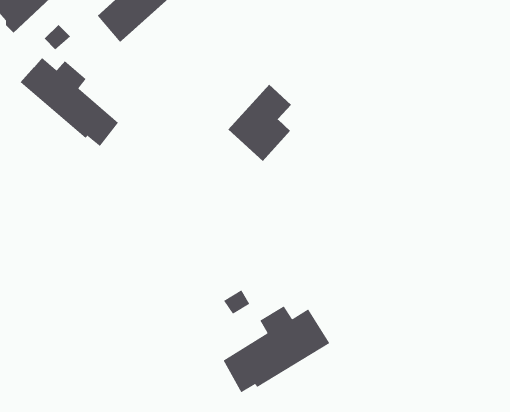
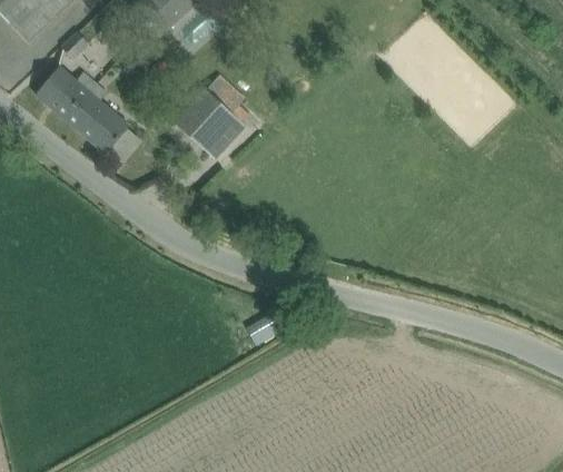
building: [227,84,292,162] -> [176,73,245,157]
building: [223,305,330,393] -> none

